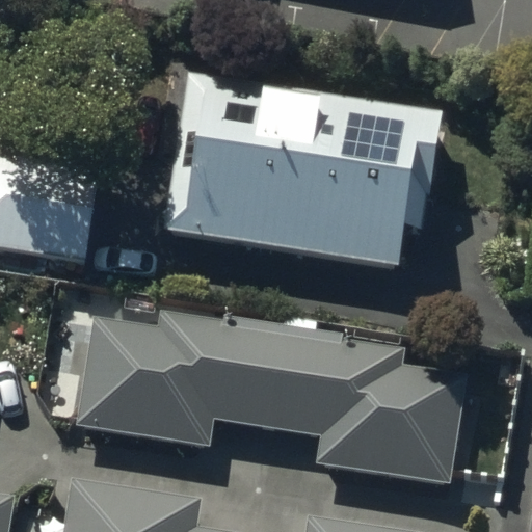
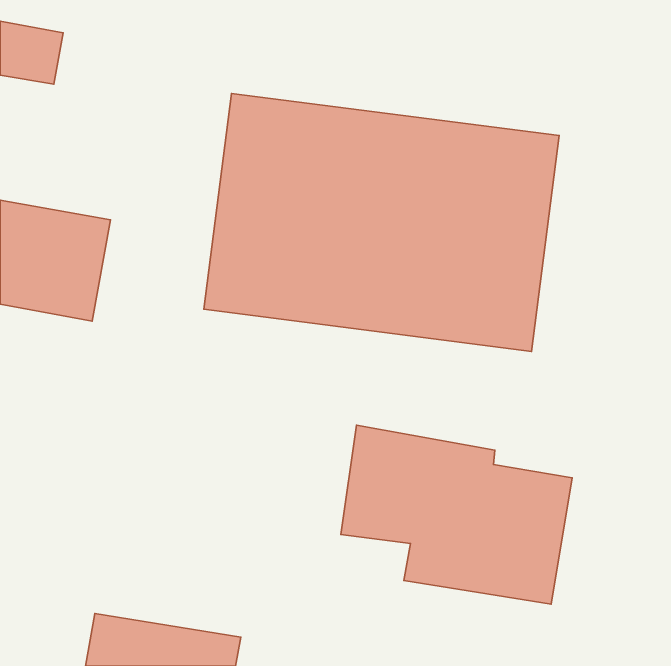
building: [78,318,283,441] -> none

